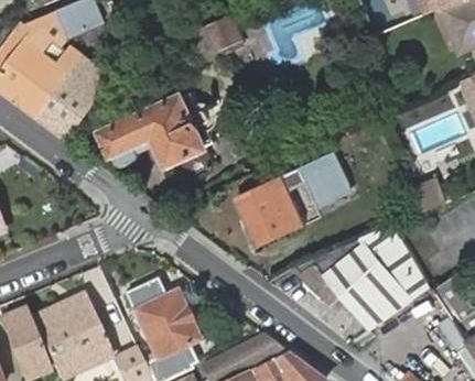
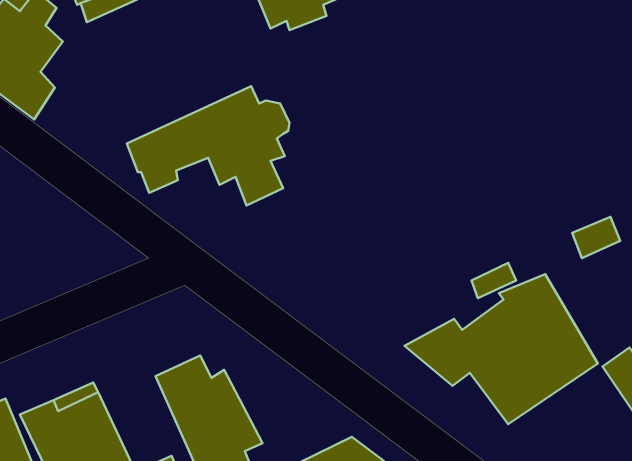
building: [41,46,111,139] -> none
building: [237,149,350,246] -> none

